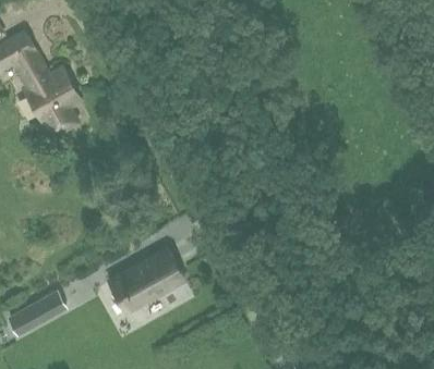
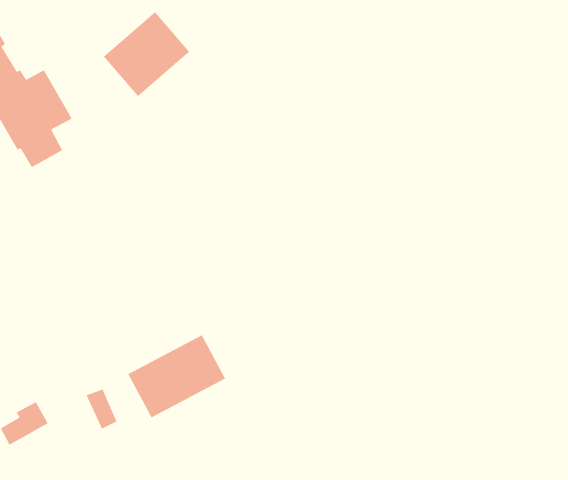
building: none -> [103,11,190,97]

